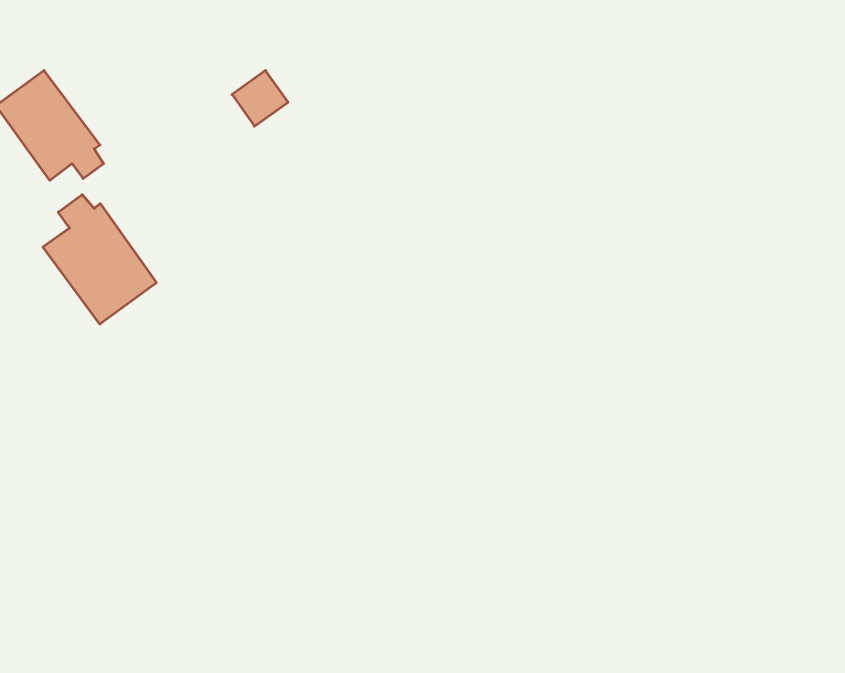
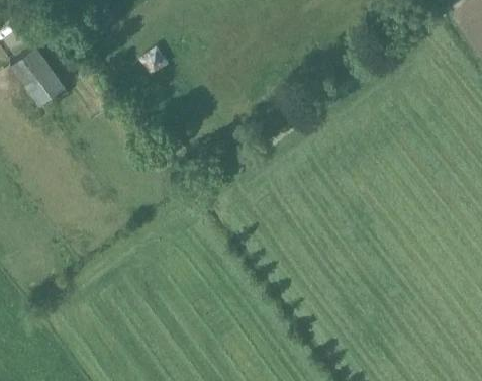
building: [43,195,156,324] -> none

